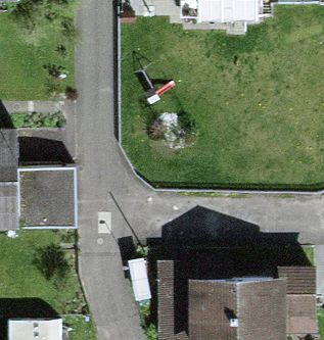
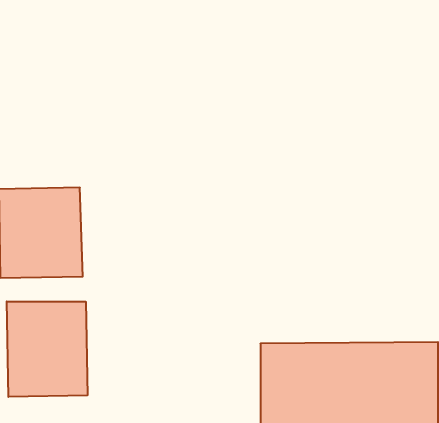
building: none -> [7,301,87,397]

